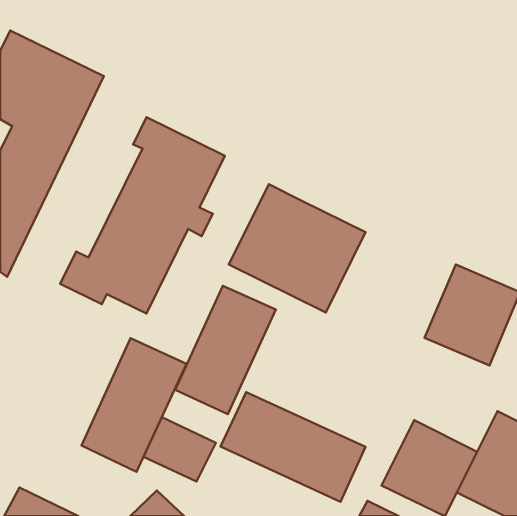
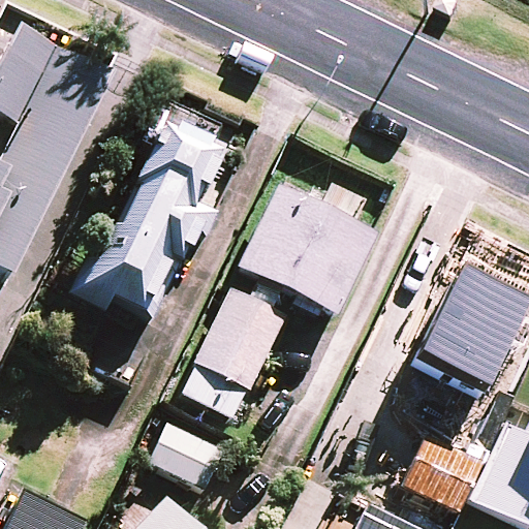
building: [81,338,186,472] -> none
building: [220,392,366,502] -> none

